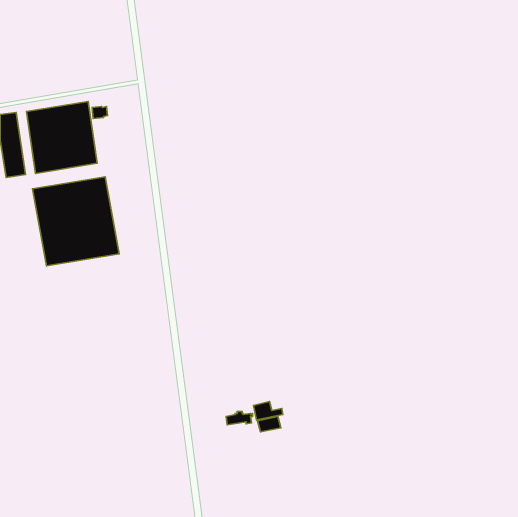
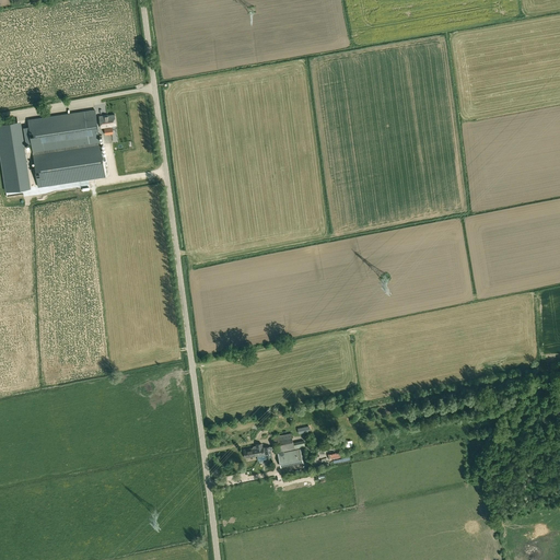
building: [33,177,119,266] -> none

